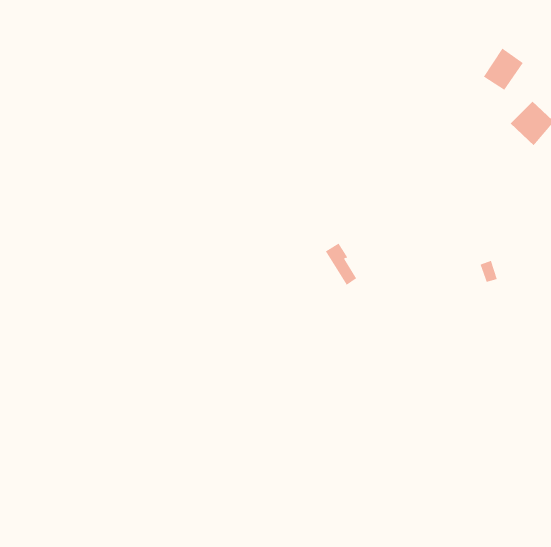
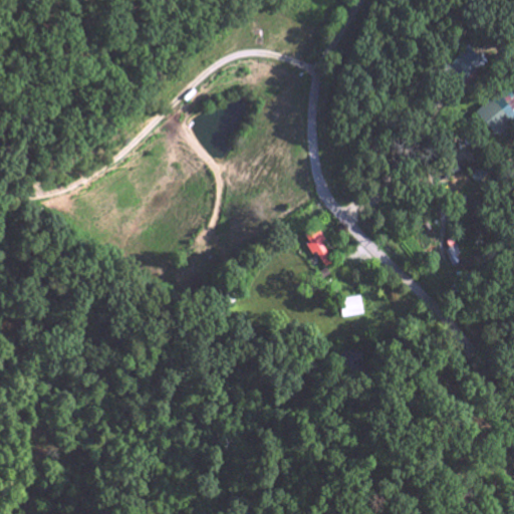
building: none -> [339,294,365,315]

